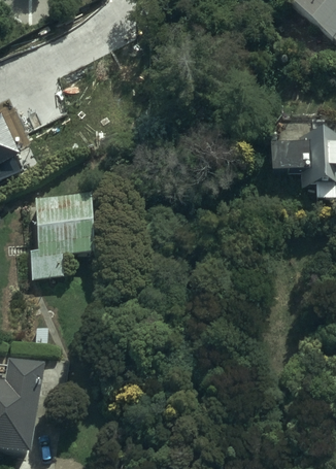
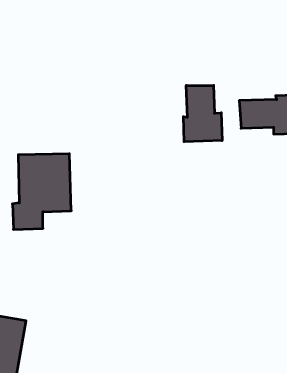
building: none -> [183,85,222,142]

